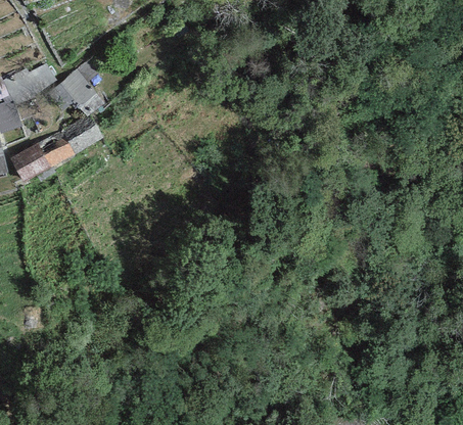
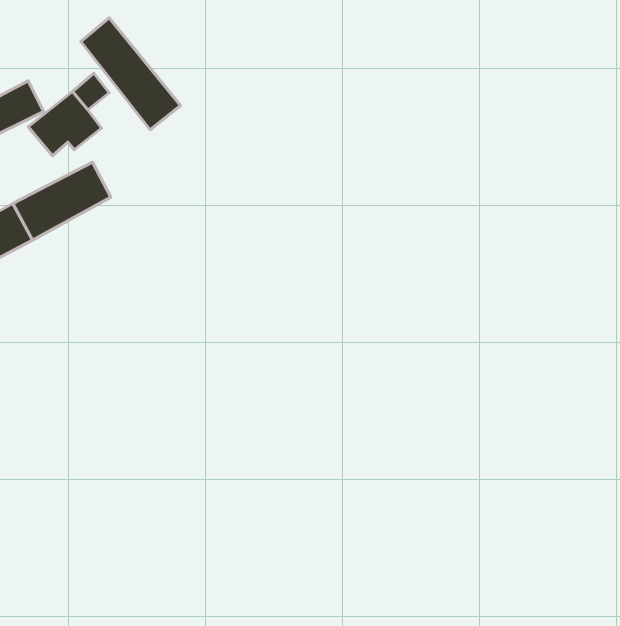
building: none -> [81,18,181,130]

